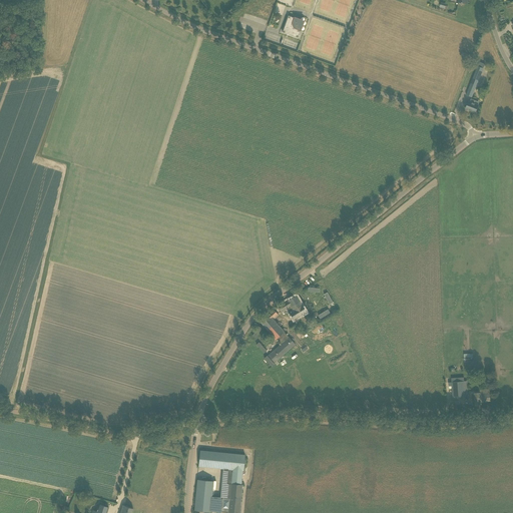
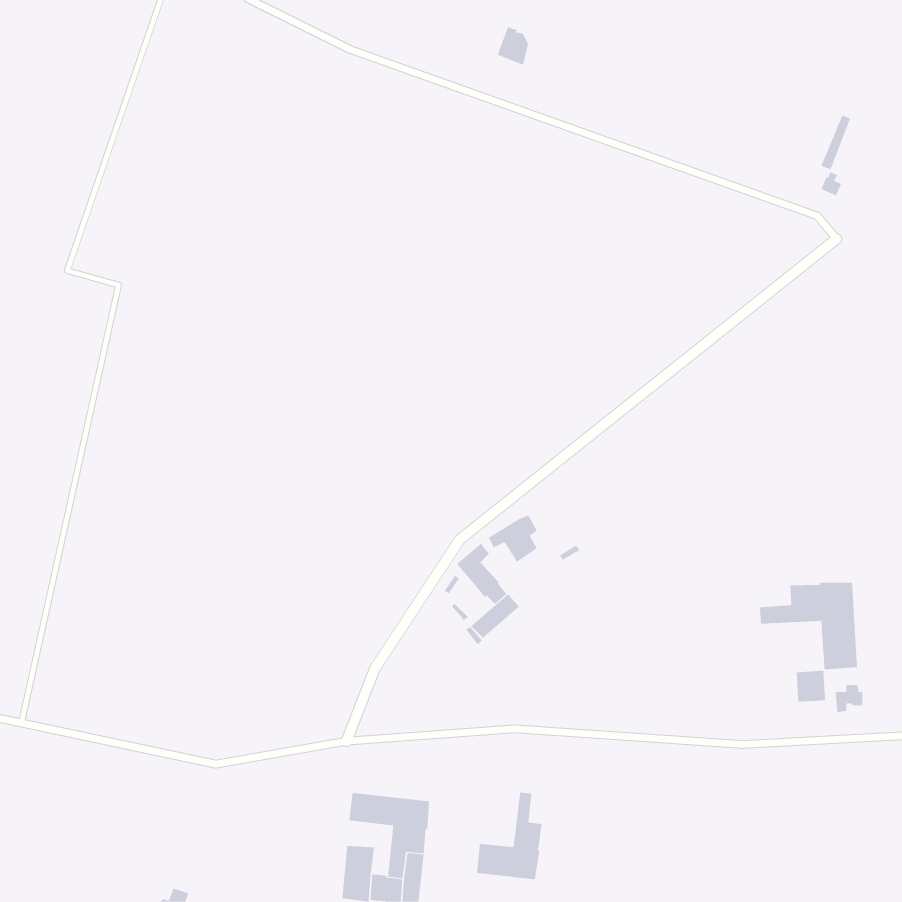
building: none -> [759,582,858,670]
building: none -> [476,792,542,880]

